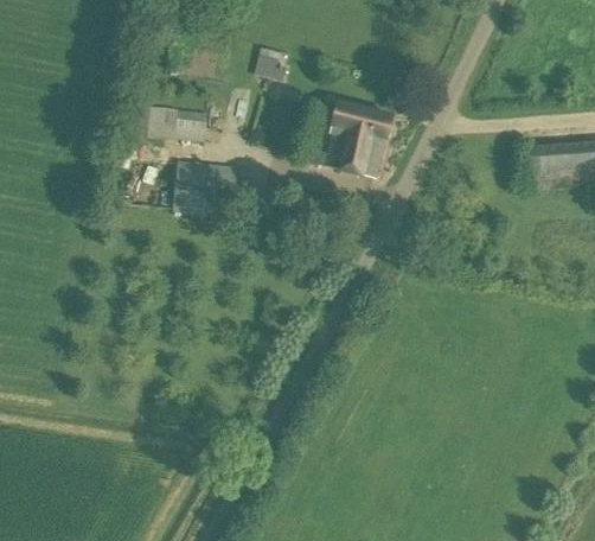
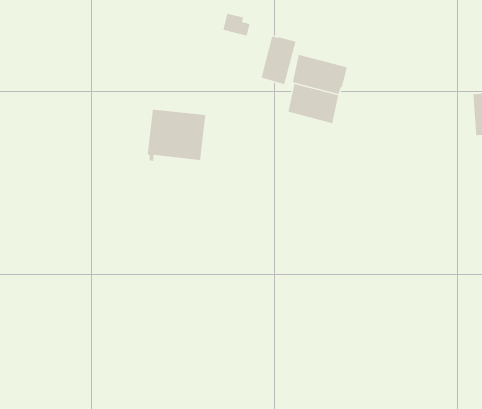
building: none -> [260,36,297,85]
building: [132,103,207,141] -> none

